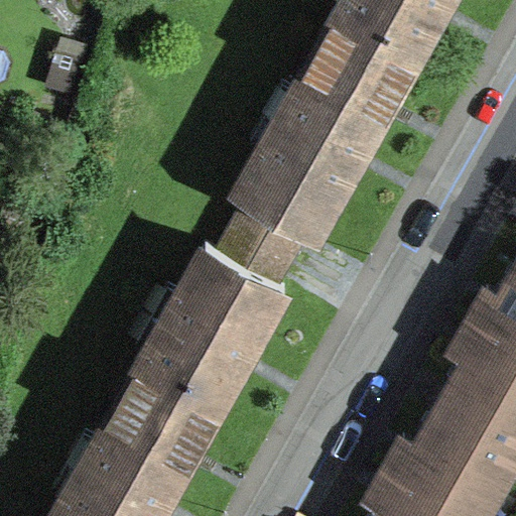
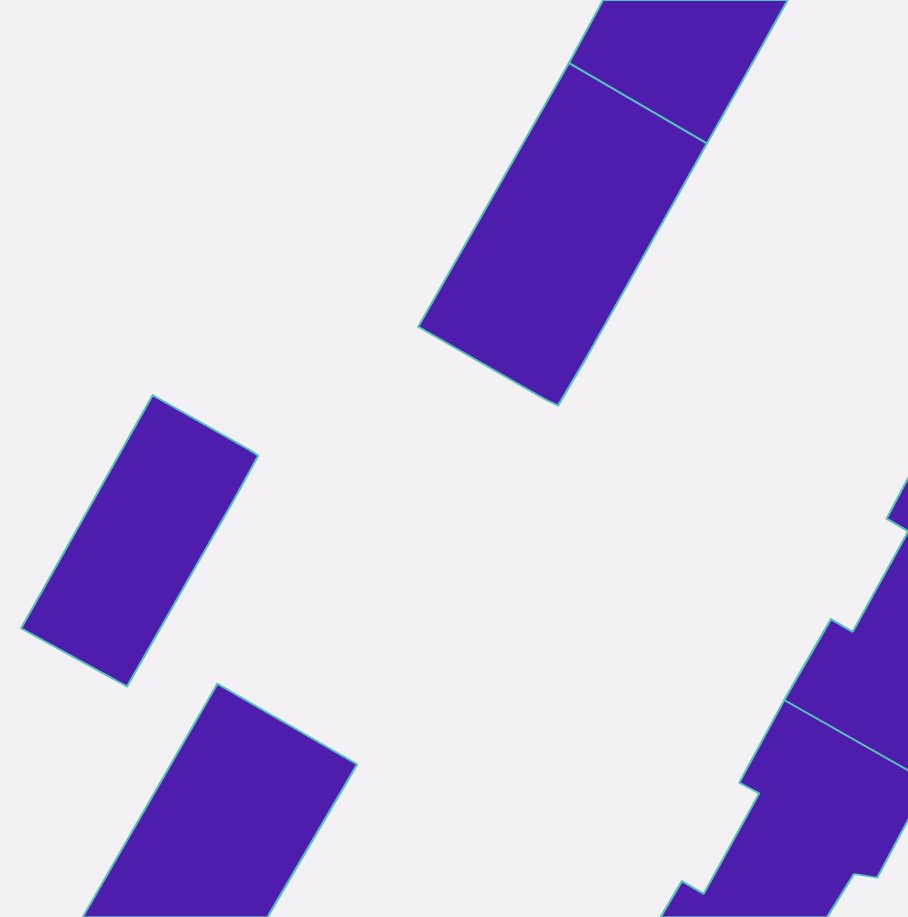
building: [127,191,310,429] -> none
building: none -> [21,395,258,687]

